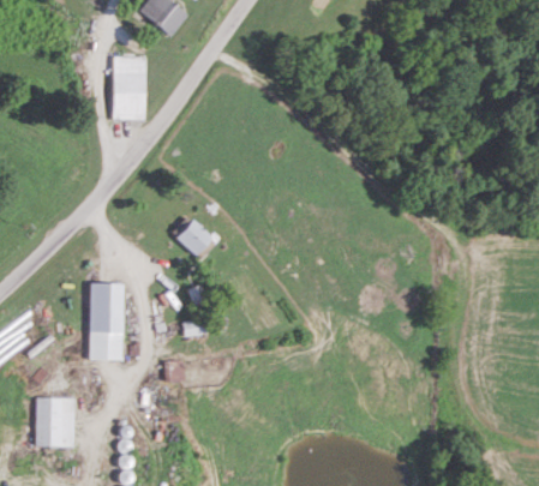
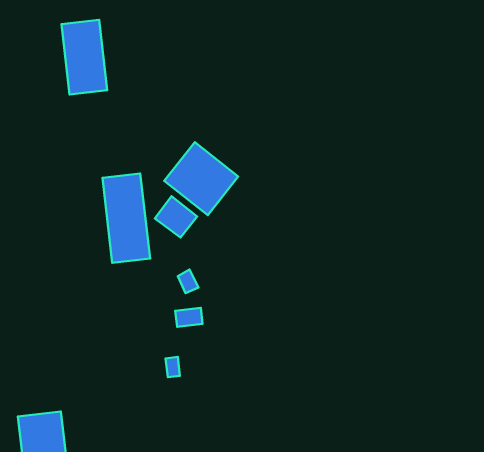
building: none -> [164,142,238,215]
building: [88,283,121,359] -> [102,173,150,263]

